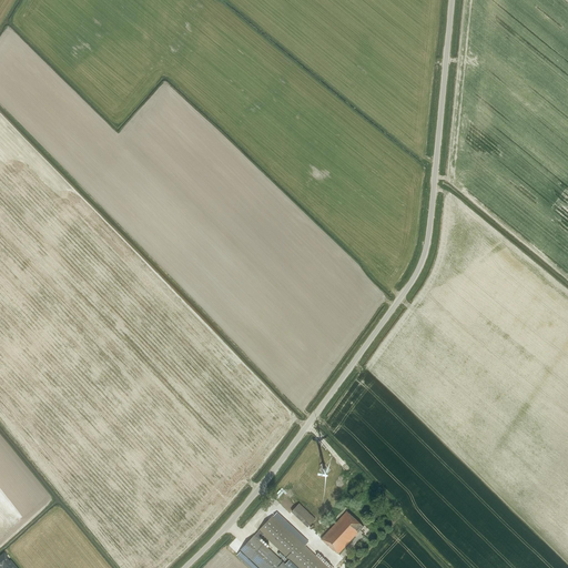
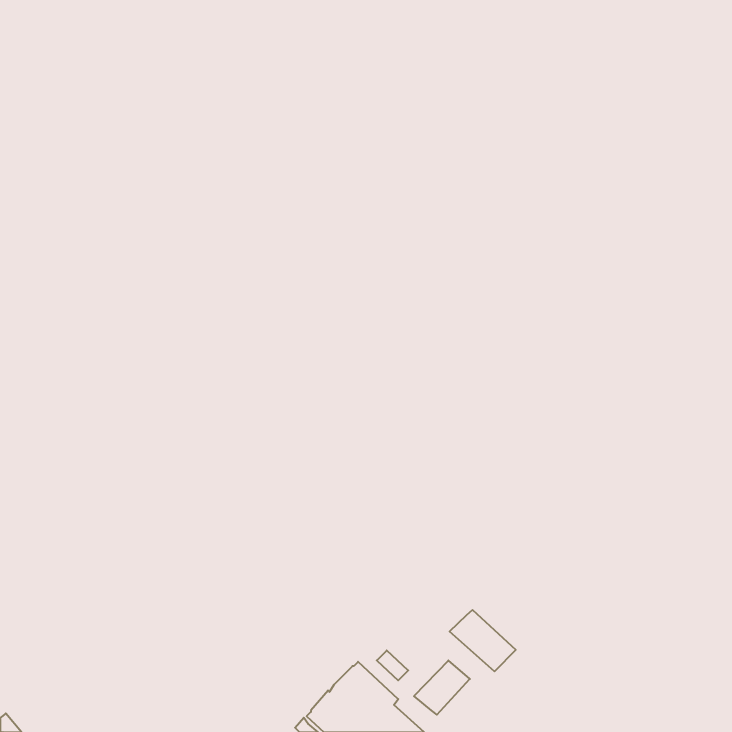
building: none -> [450,610,516,671]

